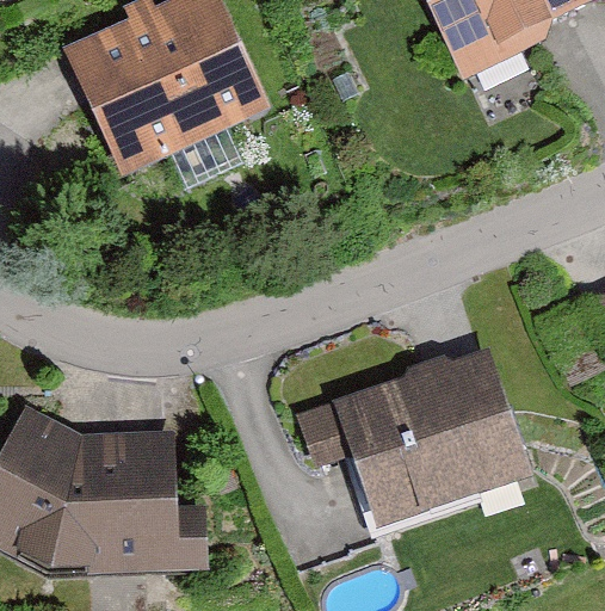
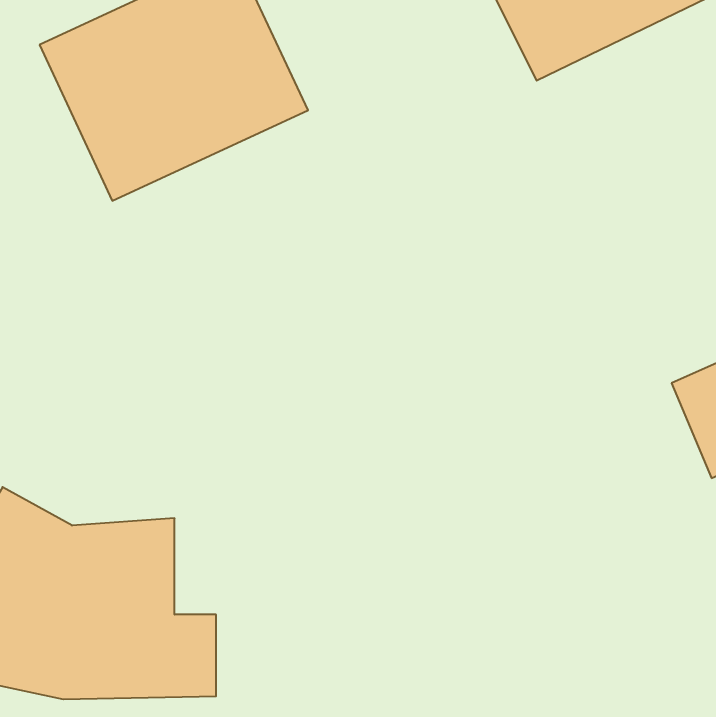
building: [313,338,537,516] -> none

